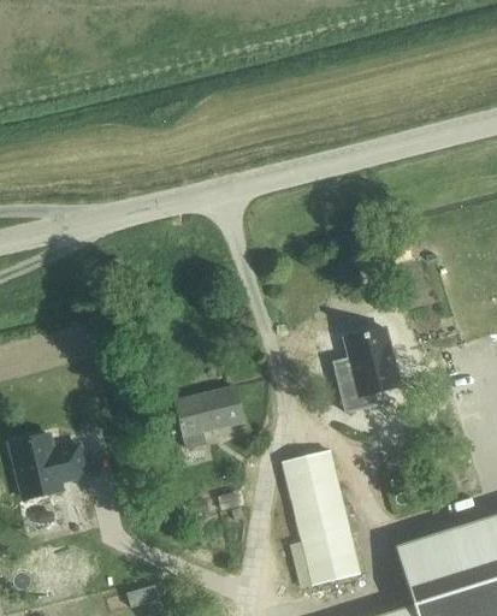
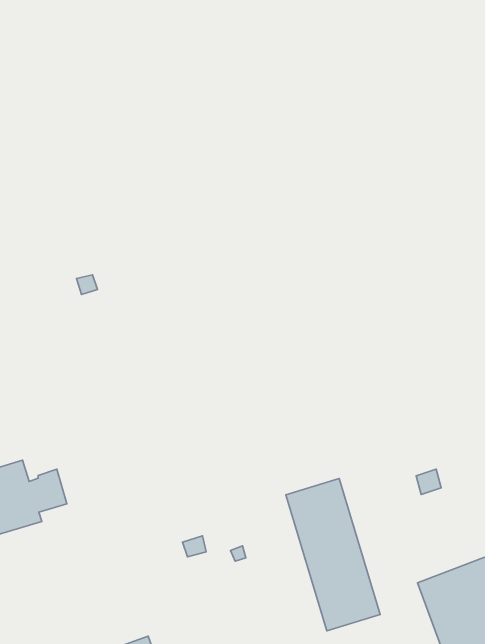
building: [332,328,398,413] -> none
building: [174,386,243,450] -> none

